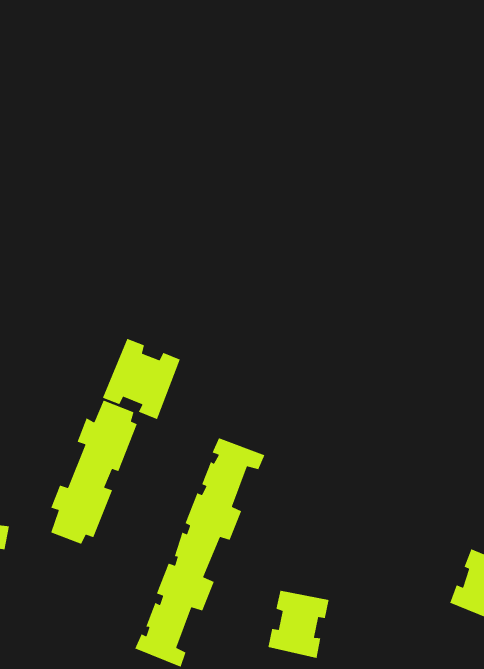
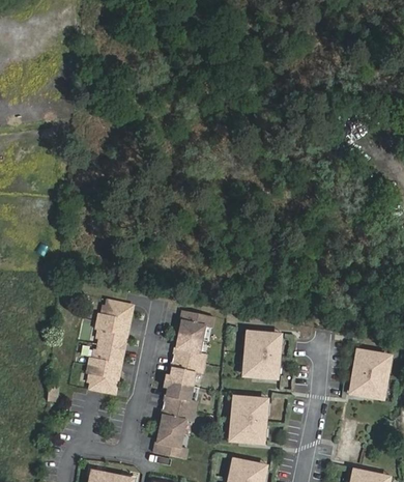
building: [102,338,181,420] -> none
building: none -> [244,336,280,375]

